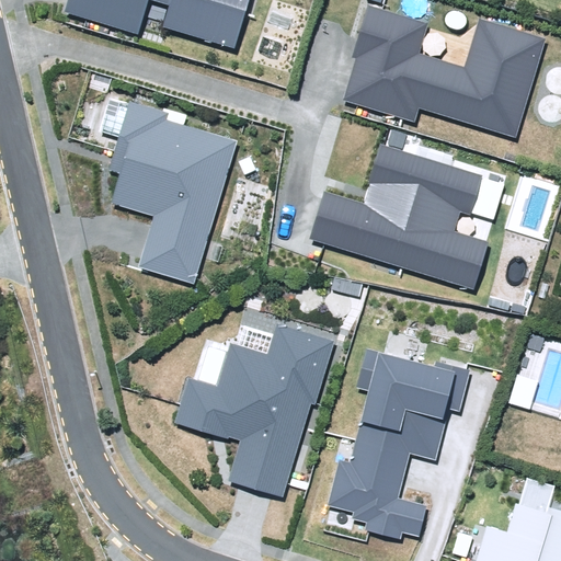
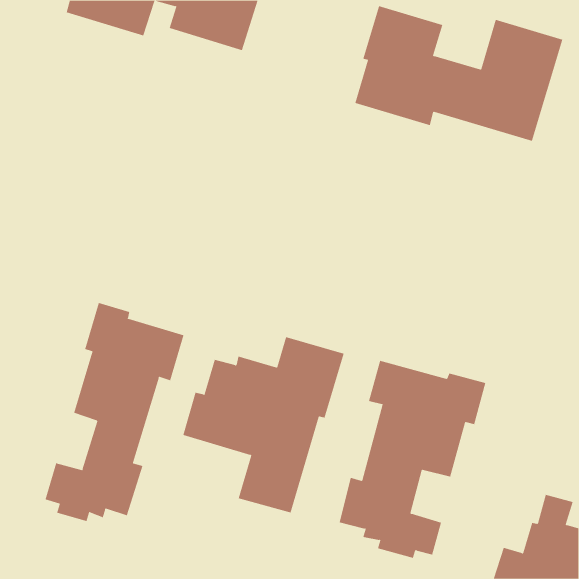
building: [108,102,237,284] -> none
building: [308,145,489,289] -> none
building: none -> [45,302,184,522]

